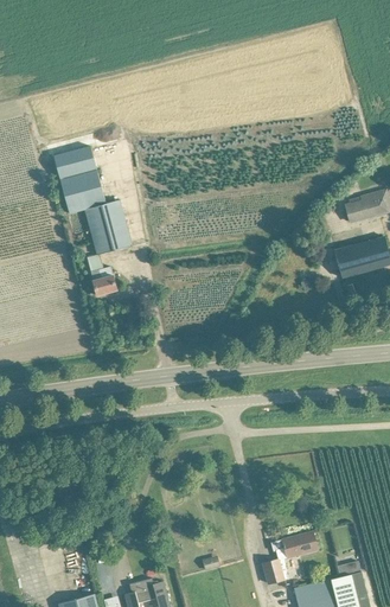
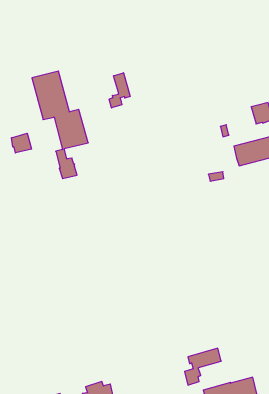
building: none -> [109,73,130,108]
building: none -> [11,133,32,153]

